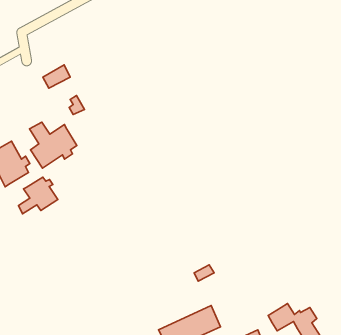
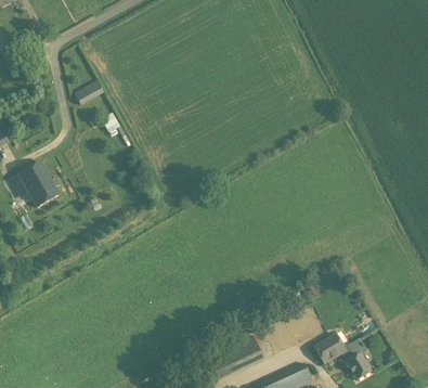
building: [29,122,77,168] -> none
building: [18,177,58,214] -> none

